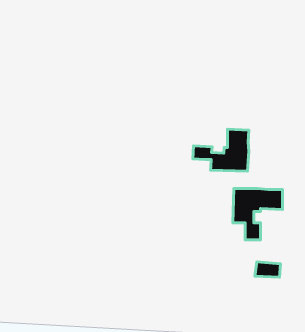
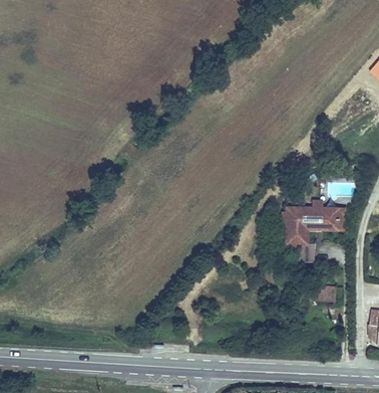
building: [193,129,249,171] -> none

